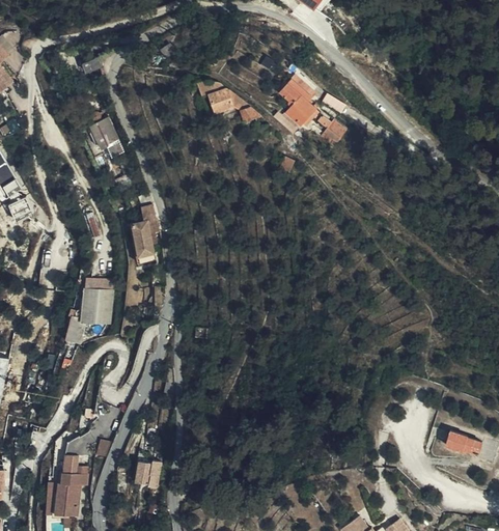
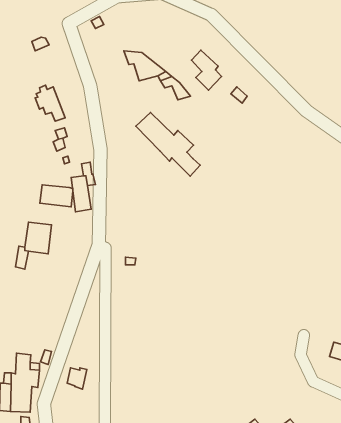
building: none -> [136,112,200,176]
building: none -> [40,185,73,207]

